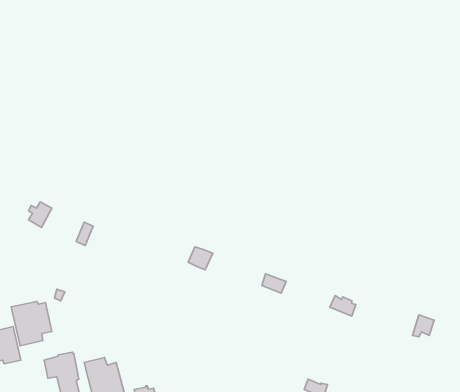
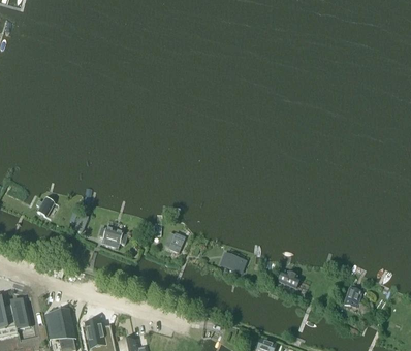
building: none -> [98,226,128,248]
building: [11,301,52,346] -> none

